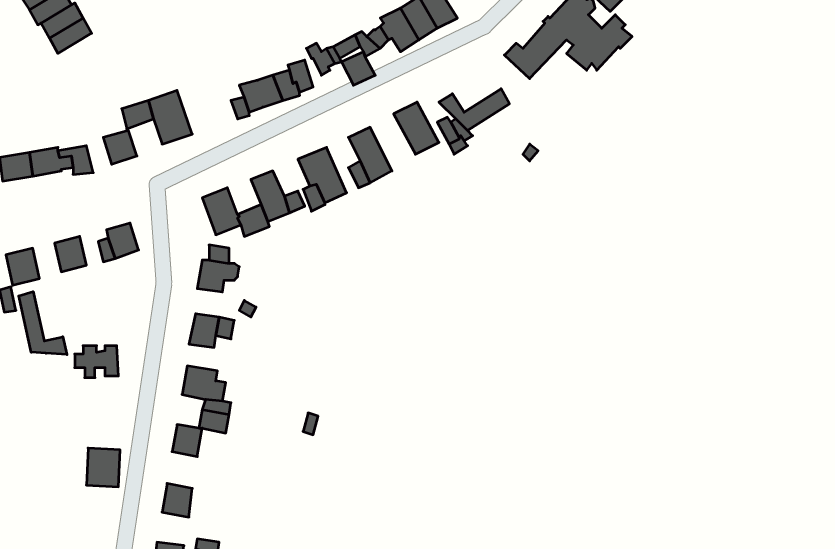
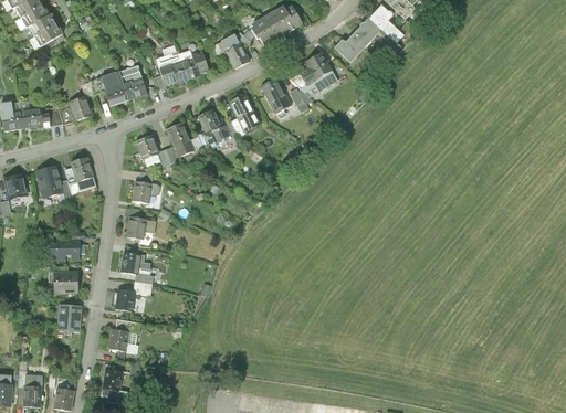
building: none -> [300,52,332,85]
building: none -> [118,65,147,99]
building: [19,292,67,355] -> none
building: none -> [55,273,78,292]

